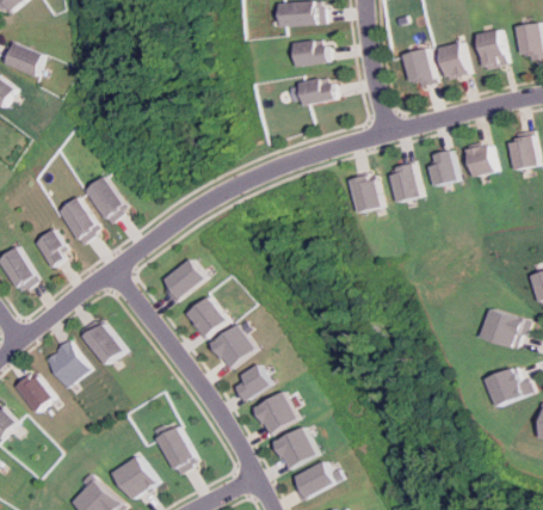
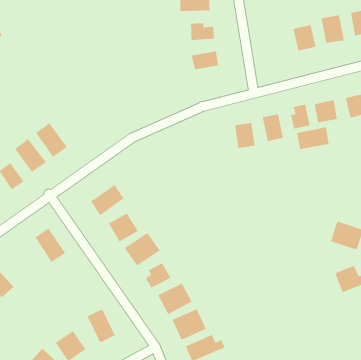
building: [397,47,432,86] -> none
building: none -> [296,126,330,150]
building: [47,340,92,387] -> none

